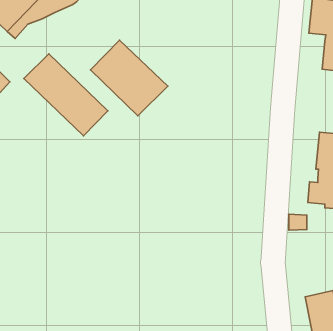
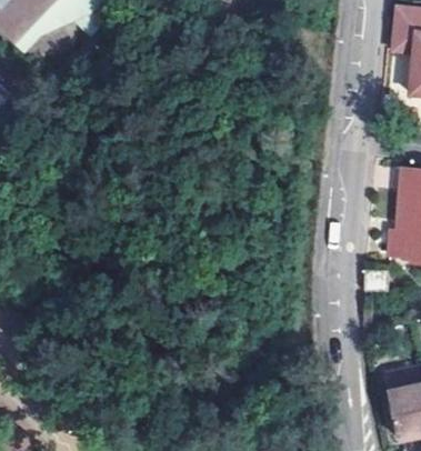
building: [91,40,168,116] -> none
building: [24,54,108,136] -> none

